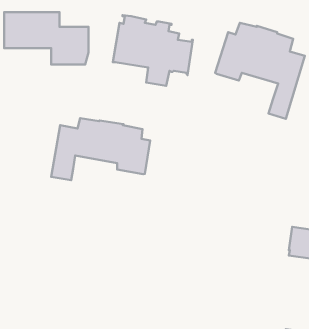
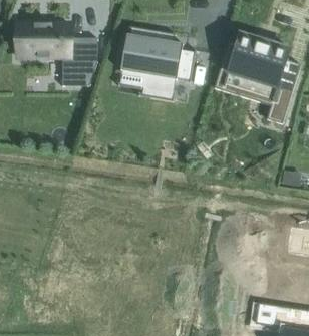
building: [51,118,150,180] -> none

